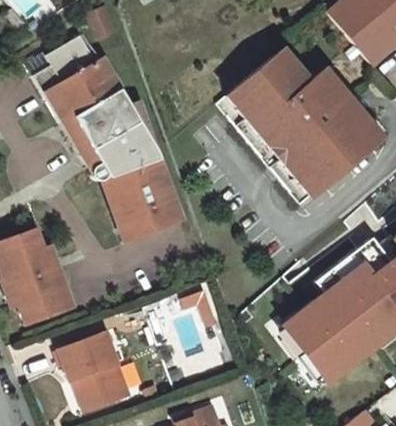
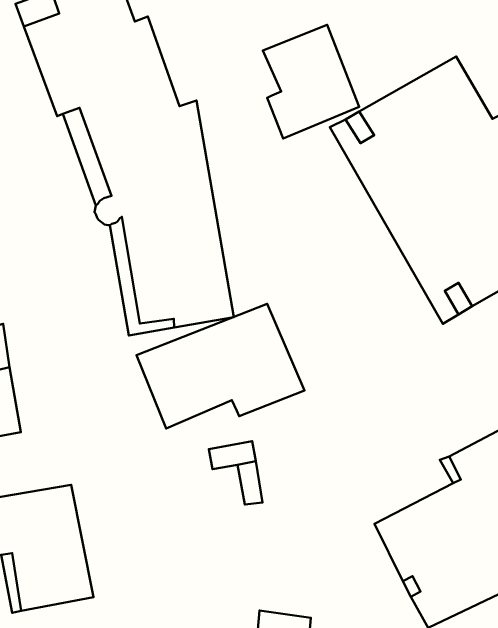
building: none -> [263,25,359,139]
building: none -> [137,304,304,428]

